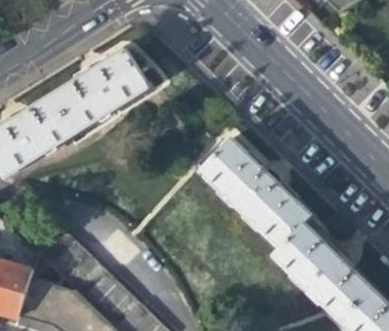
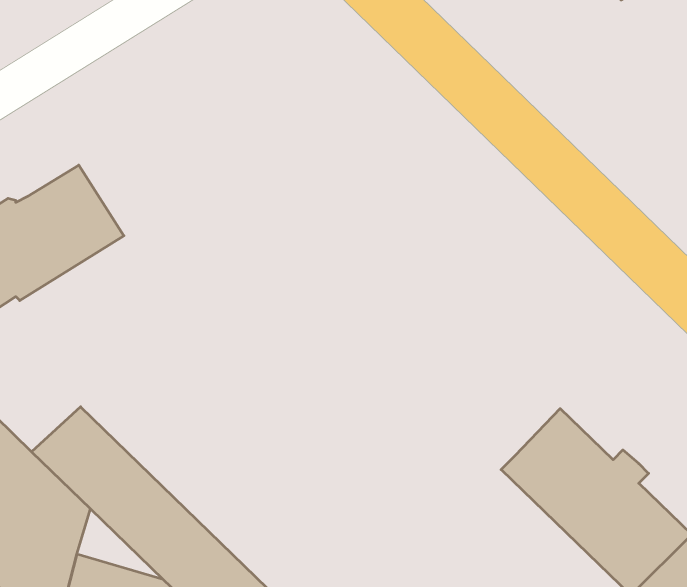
building: [53,50,147,133] -> none
building: [201,138,312,248] -> none

